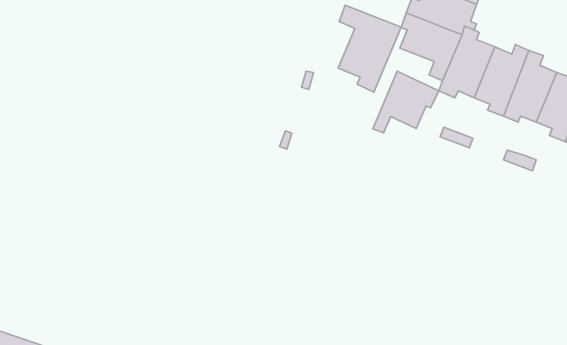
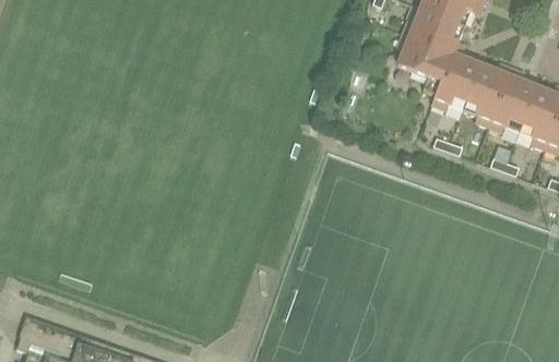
building: [338,5,401,92] -> none
building: [373,71,439,133] -> none

